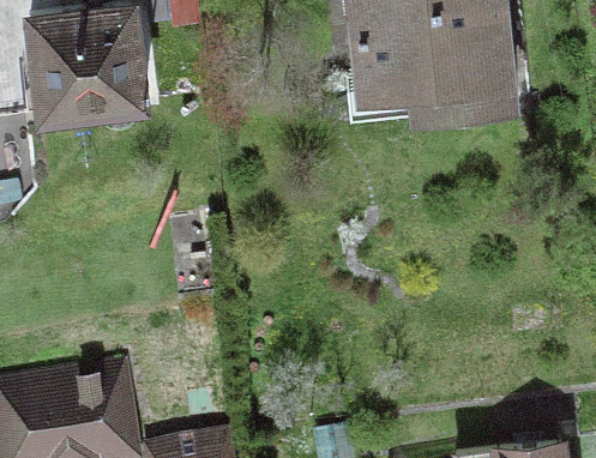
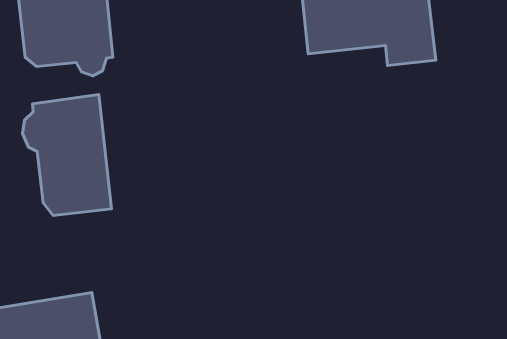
building: none -> [23,95,112,215]

